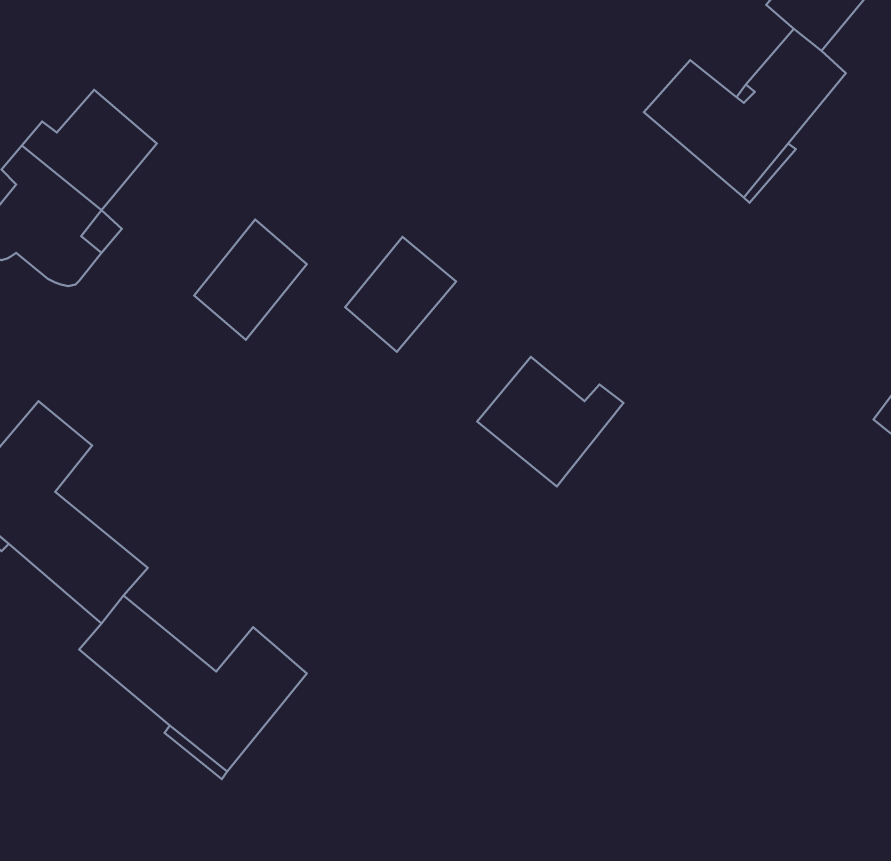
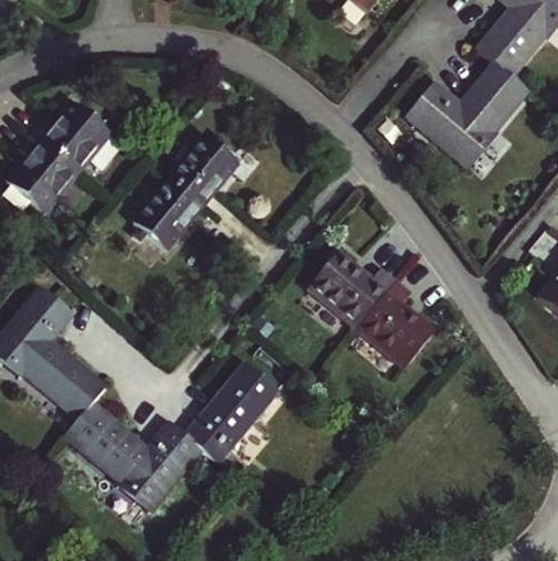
building: [345,237,456,352] -> [172,135,238,203]
building: none -> [352,286,430,374]
building: none -> [186,361,278,459]

